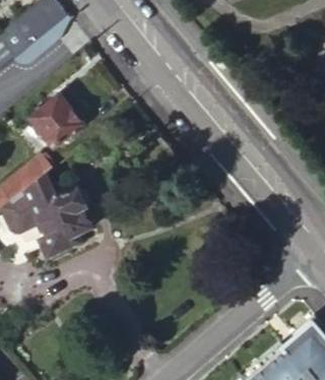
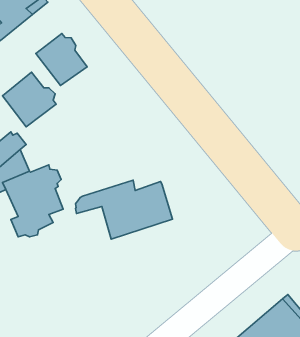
building: none -> [36,33,87,86]
building: none -> [75,180,173,239]

